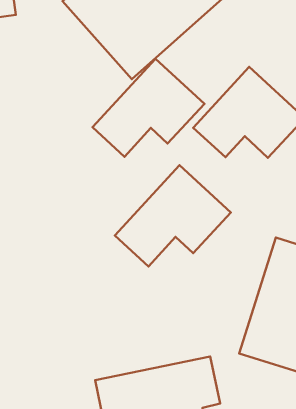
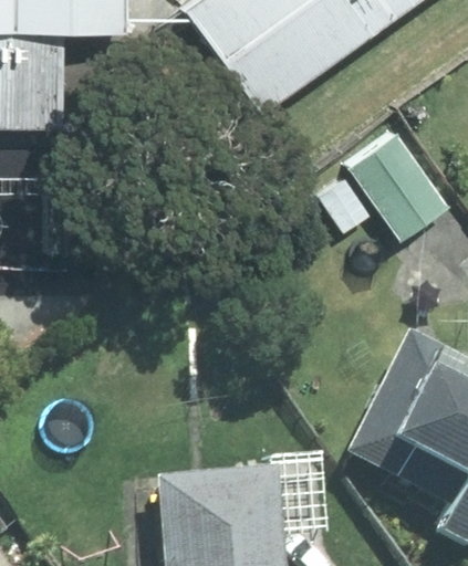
building: [92,59,204,157] -> none
building: [115,165,231,266] -> none

